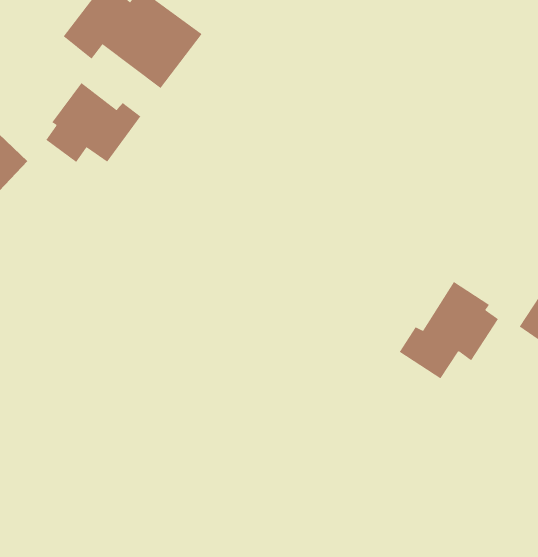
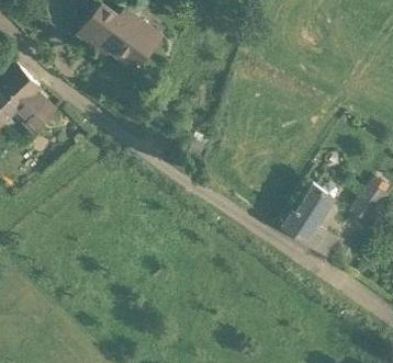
building: [45,82,141,163] -> none

